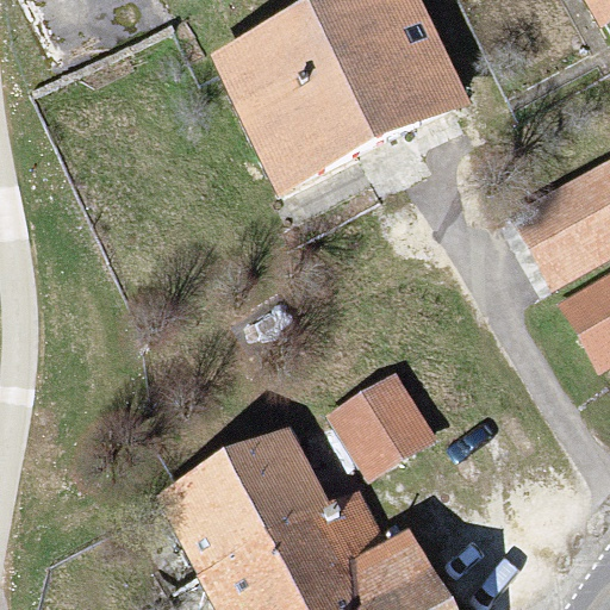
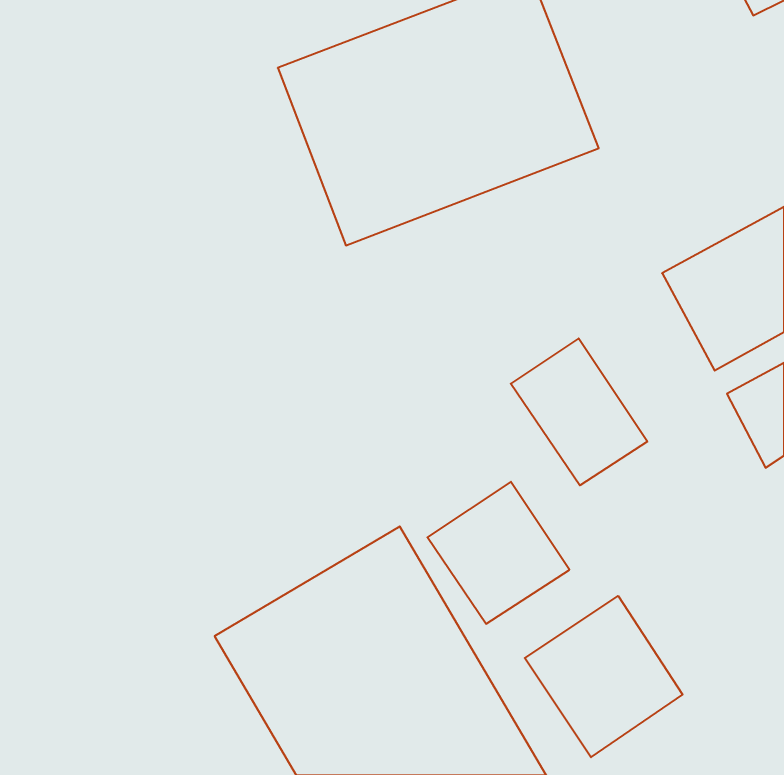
building: none -> [511,338,647,485]
building: none -> [525,596,683,757]

